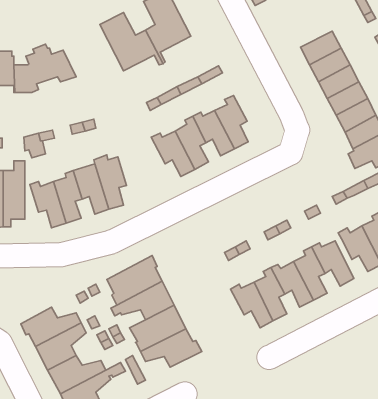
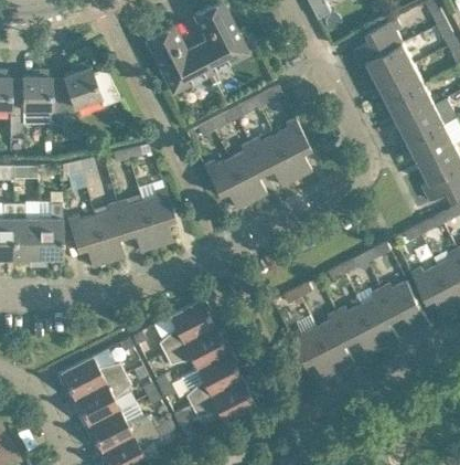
building: none -> [352,18,404,67]

